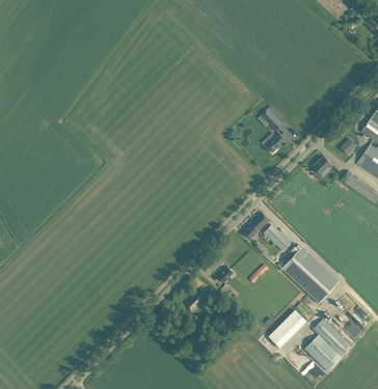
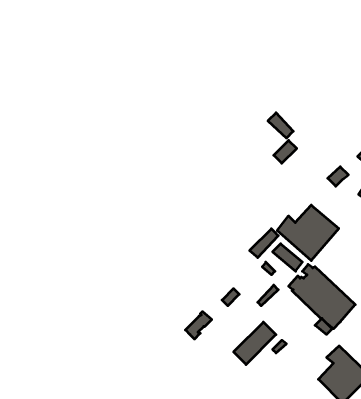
building: none -> [277,205,339,261]
building: [268,309,306,348] -> [234,322,276,365]

